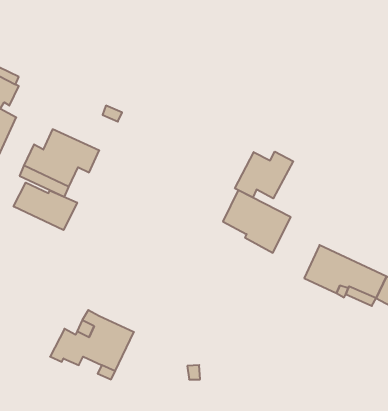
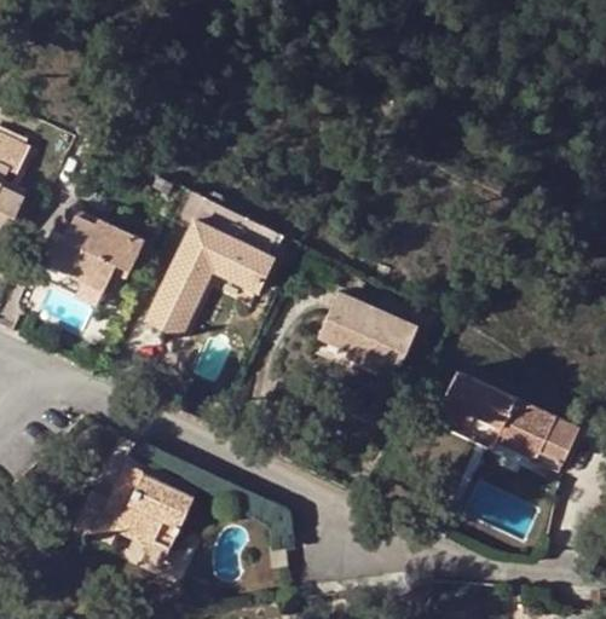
building: none -> [146,190,282,337]
building: [235,152,293,198] -> none
building: [14,183,77,230] -> none

